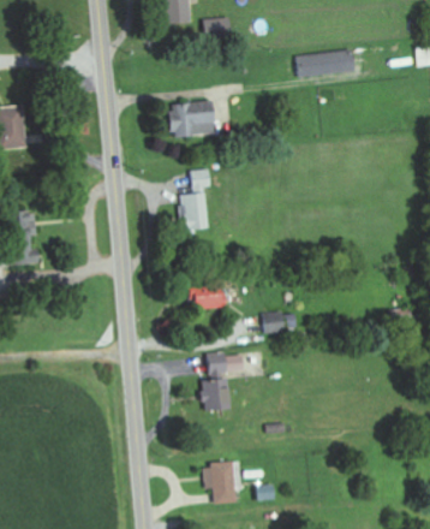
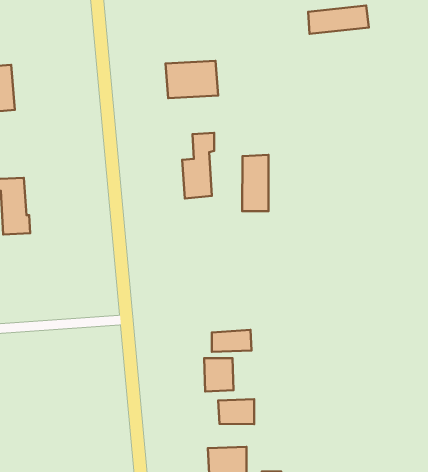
building: none -> [242,155,269,211]
building: [193,284,220,310] -> none
building: [264,314,298,333] -> none
building: none -> [218,399,254,424]

